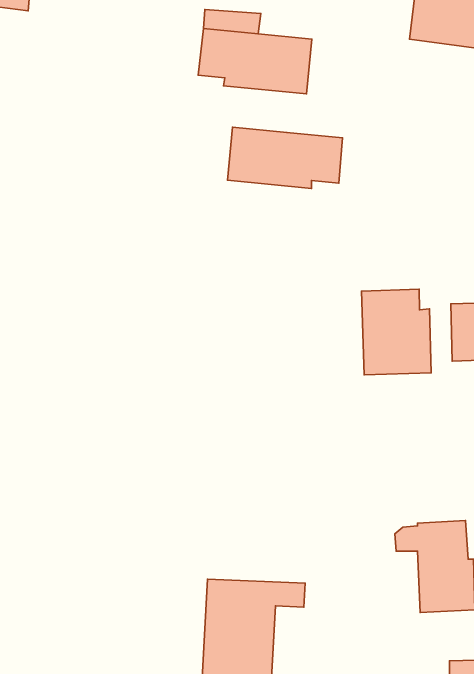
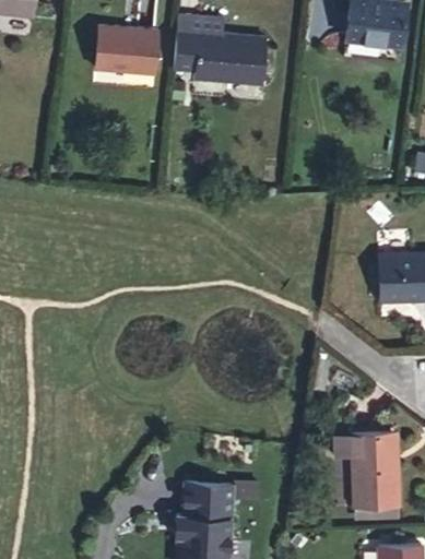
building: none -> [95,25,158,74]
building: [227,127,342,188] -> none
building: [362,289,431,375] -> none

